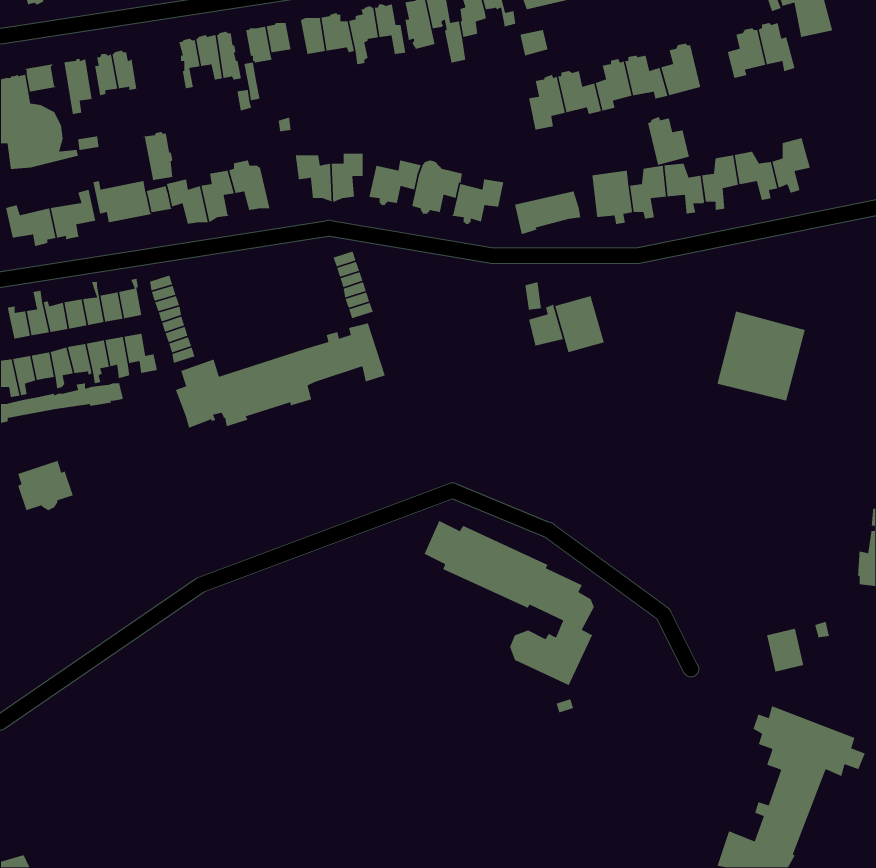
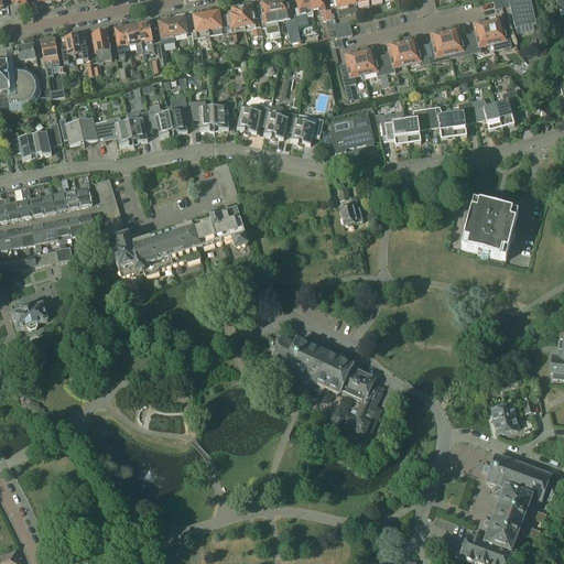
building: [647,116,690,166] -> [444,24,471,56]
building: [142,131,173,181] -> [91,28,111,59]
building: none -> [167,96,192,135]
building: [554,295,605,353] -> none

